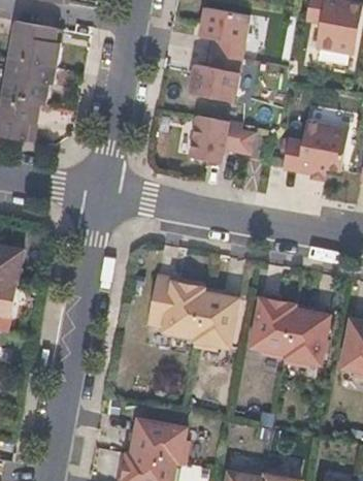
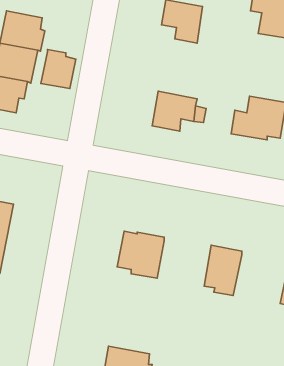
building: [189,53,241,101] -> none
building: none -> [41,50,76,88]
building: [192,292,237,351] -> none
building: [283,309,329,366] -> none

